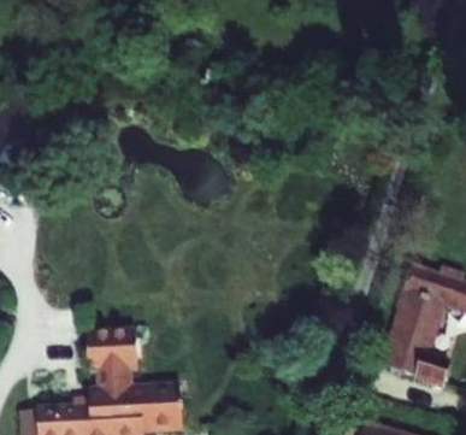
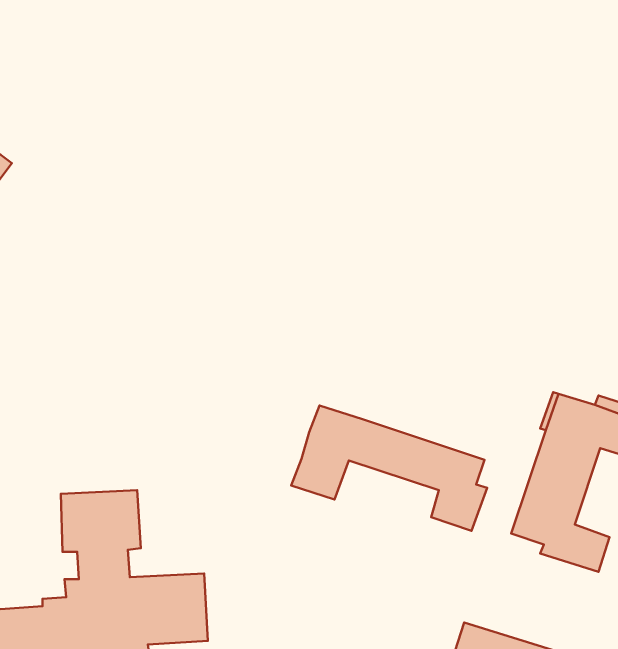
building: none -> [291,405,487,531]

